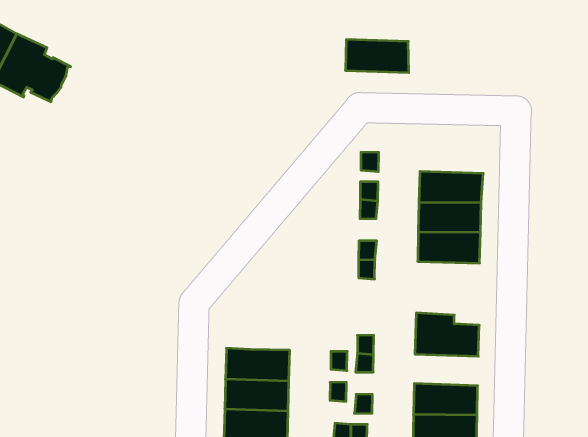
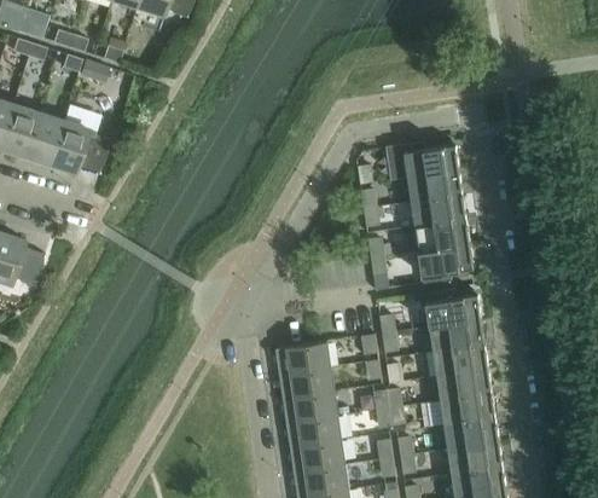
building: [345,40,409,73] -> [403,144,459,176]
building: none -> [418,243,474,284]
building: none -> [429,319,484,351]

